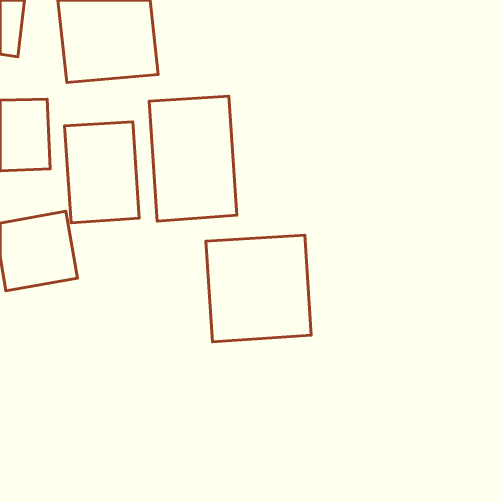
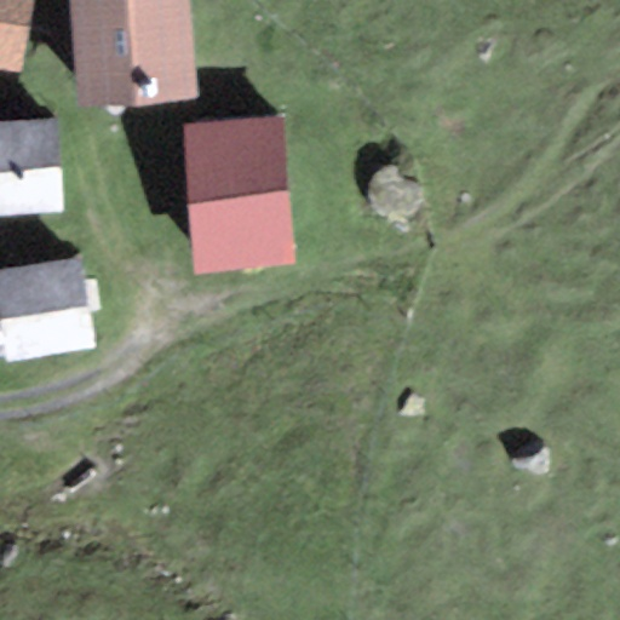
building: [65,122,139,223] -> none
building: [206,235,311,342] -> none

